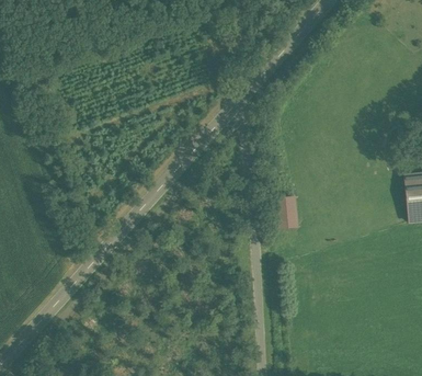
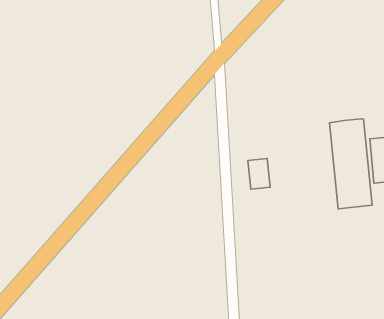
building: none -> [330,119,372,209]

